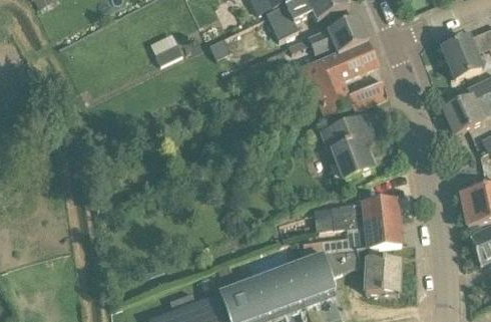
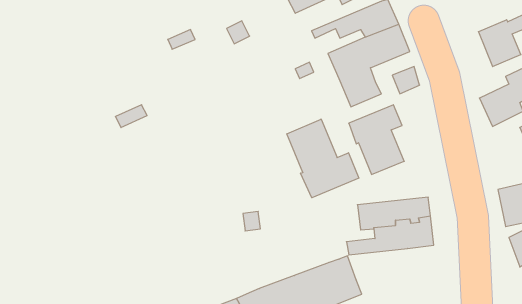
building: none -> [287,119,359,198]
building: [322,247,400,293] -> none

